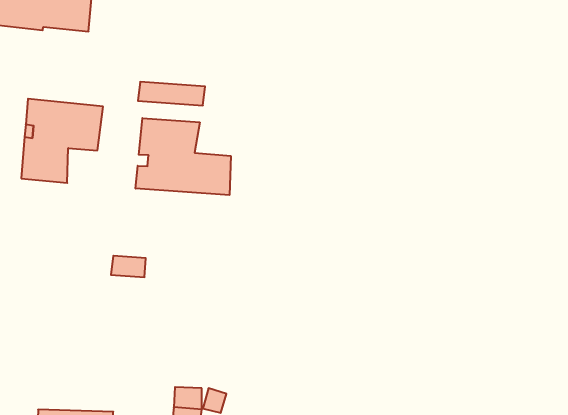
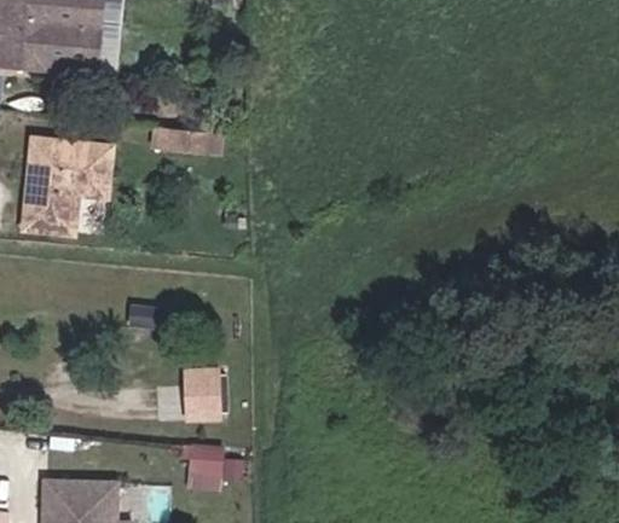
building: [136,118,231,195] -> none
building: none -> [185,376,219,425]

